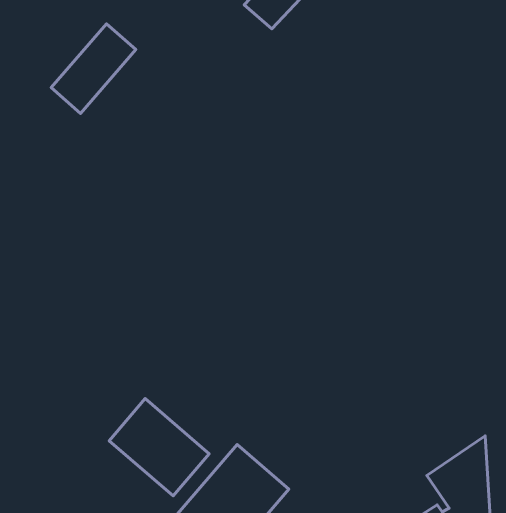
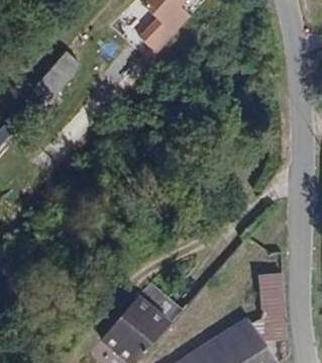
building: [109,399,209,496] -> none

